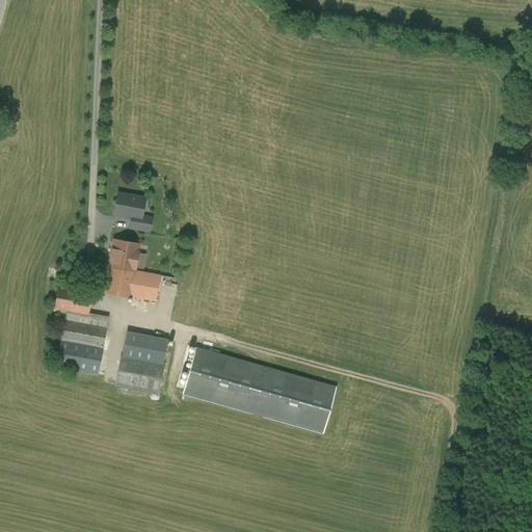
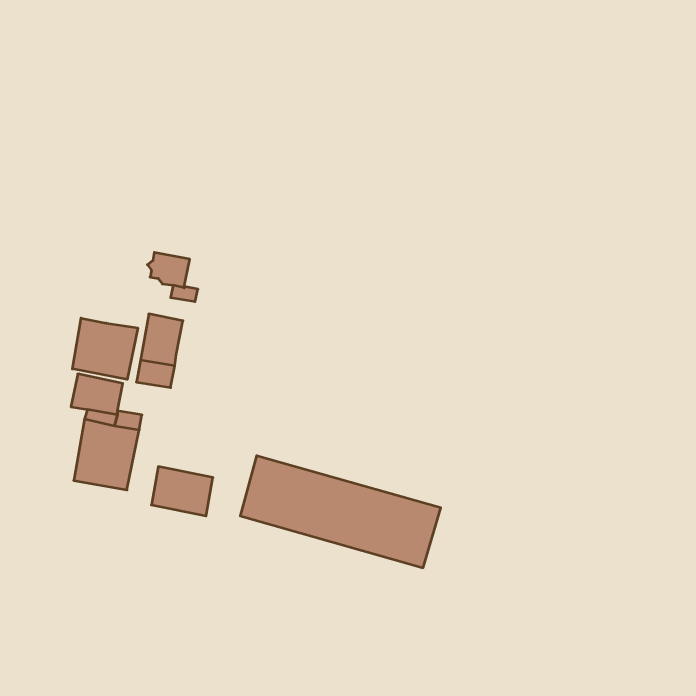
building: none -> [72,318,138,379]
building: [131,270,161,300] -> none
building: [123,331,168,364] -> none

